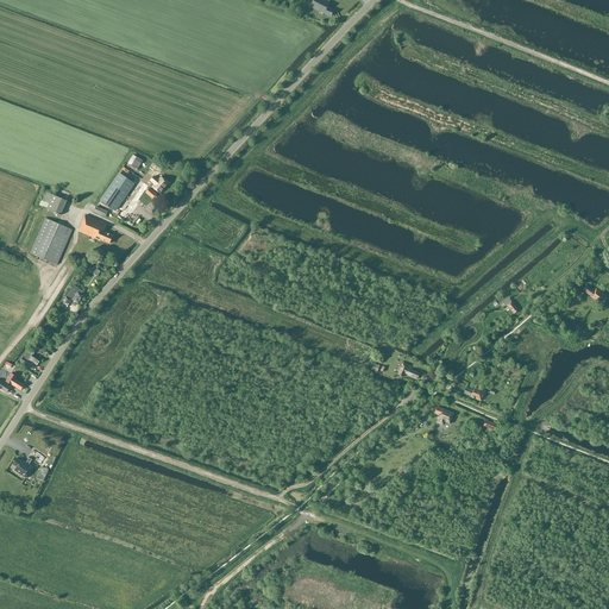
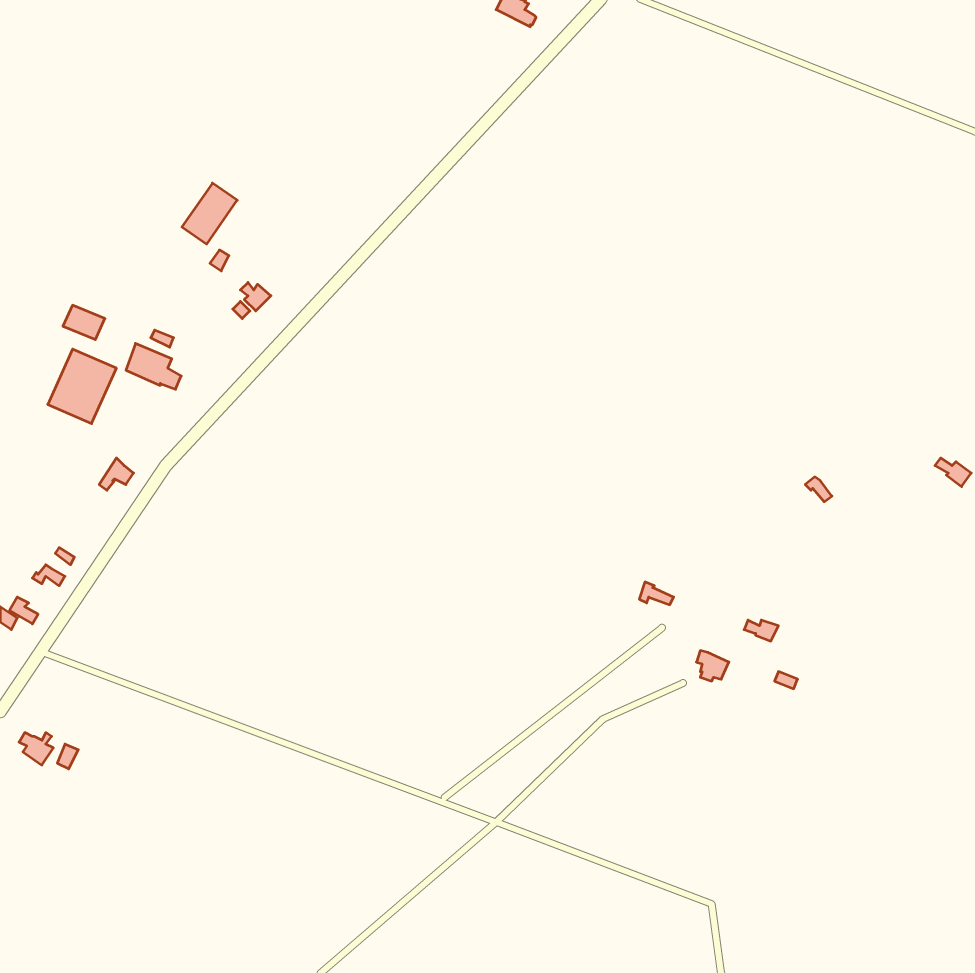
building: [100,171,134,209] -> [182,183,237,244]

